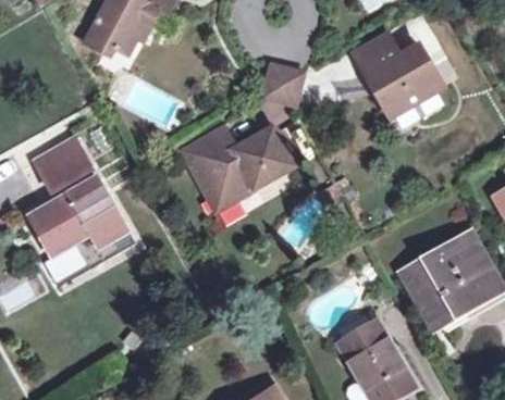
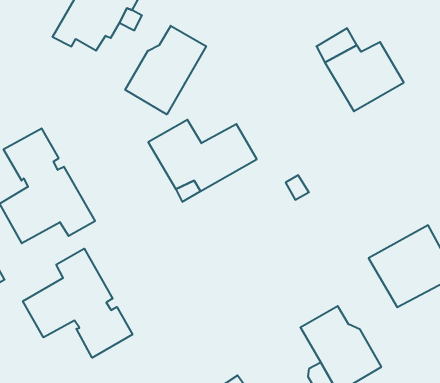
building: none -> [125,26,206,114]
building: [259,67,300,110] -> none
building: none -> [23,249,132,358]

